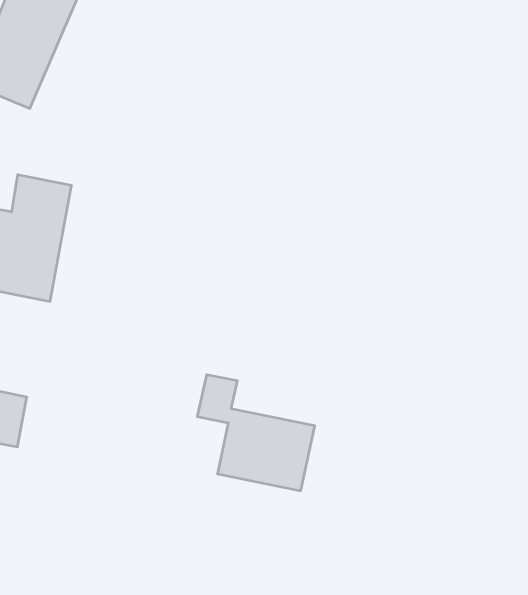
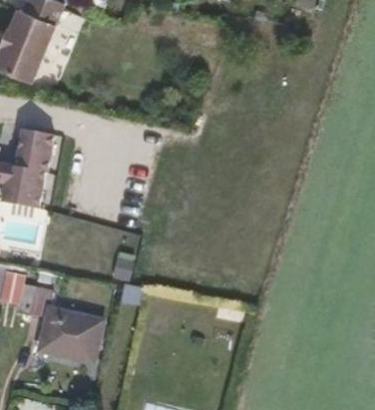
building: [197,375,315,491] -> [25,285,101,360]

